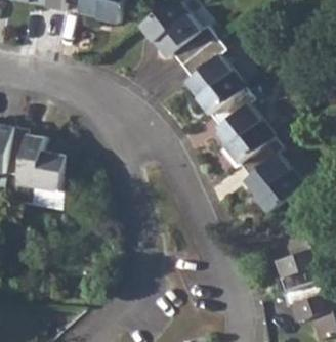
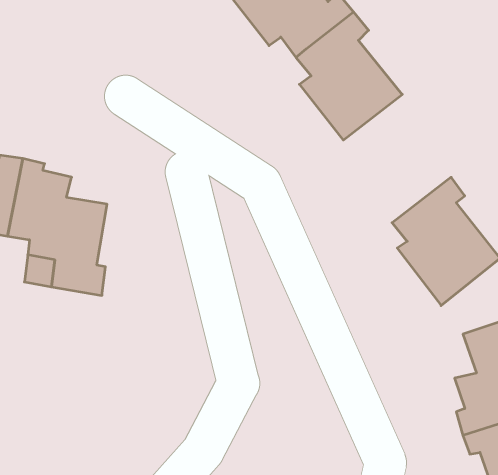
building: [210,87,276,169] -> none

